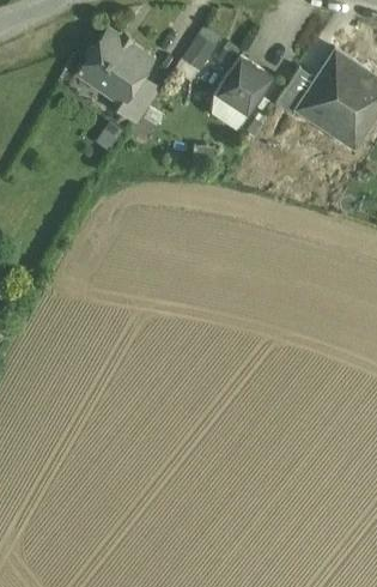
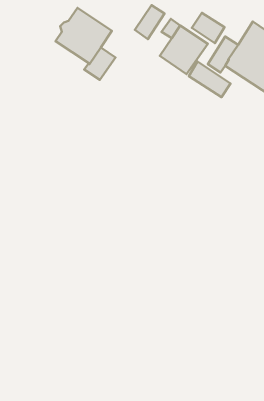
building: none -> [192,13,224,43]
building: none -> [189,61,231,97]

